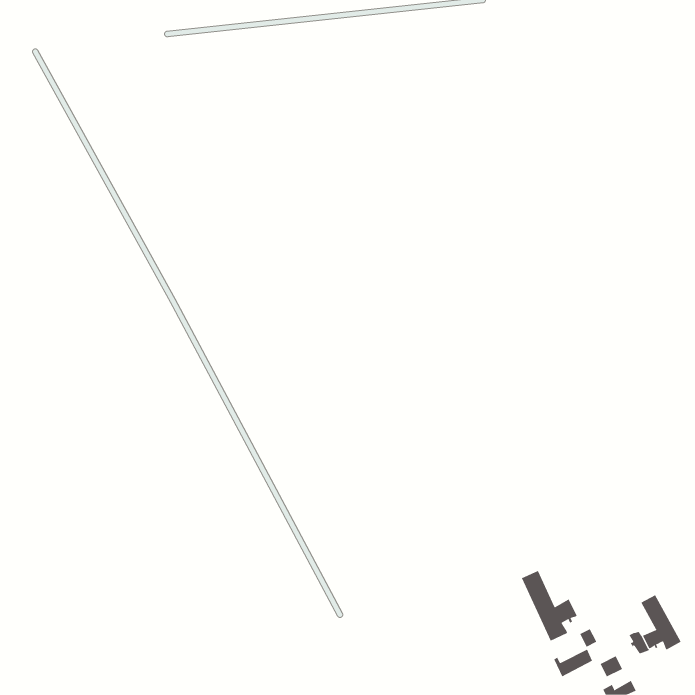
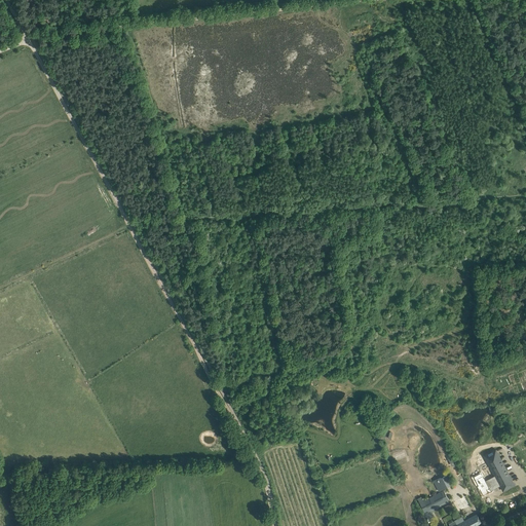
building: [521,570,577,641] -> none

